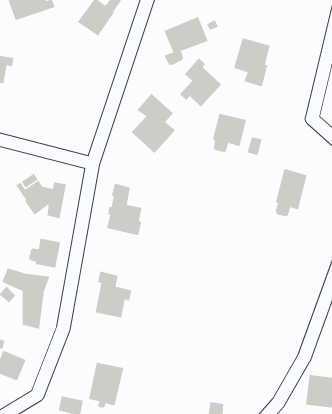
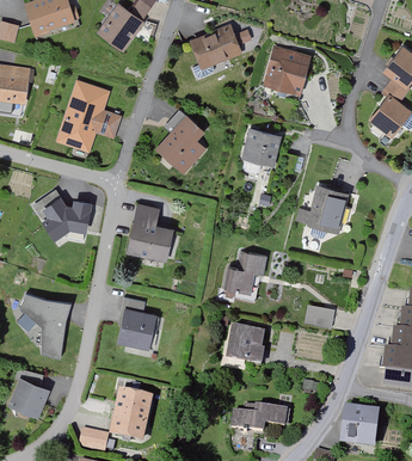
building: [179,58,222,108] -> none
building: none -> [59,80,121,146]
building: none -> [225,250,266,300]
building: [29,238,61,268] -> none
building: none -> [307,303,337,327]
building: none -> [227,326,263,362]
building: none -> [230,405,285,431]

